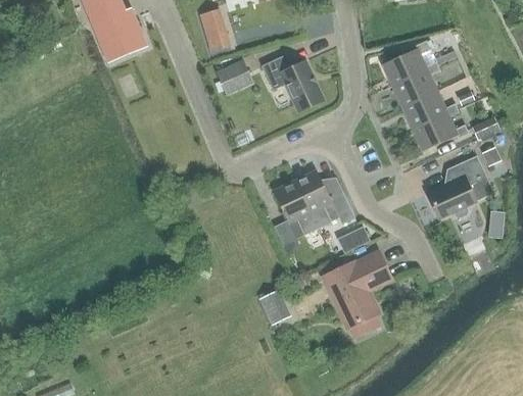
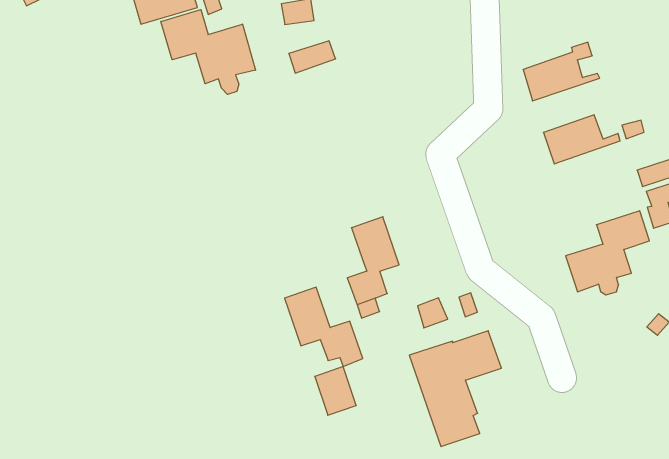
building: none -> [161,10,256,94]
building: [262,53,324,111] -> none
building: [392,64,440,107] -> none
building: [413,107,469,150] -> none
building: [295,169,355,224] -> [285,287,363,367]

